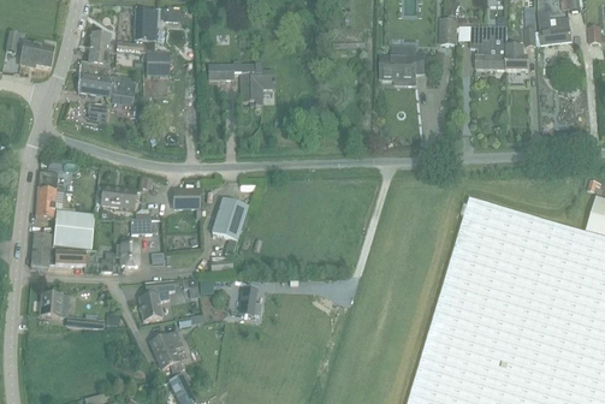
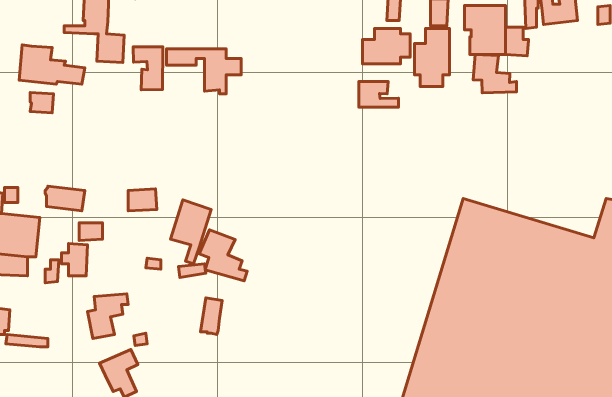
building: [89,32,114,64] -> none
building: none -> [415,28,450,86]
building: none -> [133,47,163,90]
building: none -> [473,54,517,93]
building: none -> [359,81,399,107]
building: none -> [199,230,247,281]

